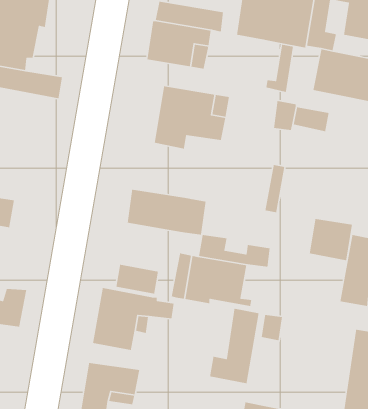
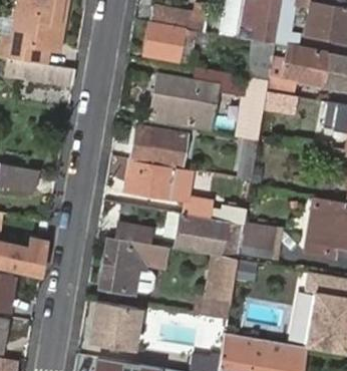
building: none -> [133,127,189,167]
building: [309,218,353,261] -> [242,224,278,259]

